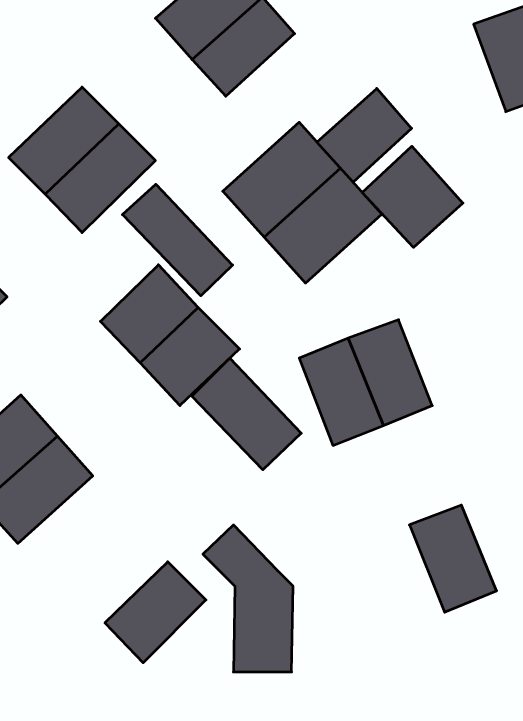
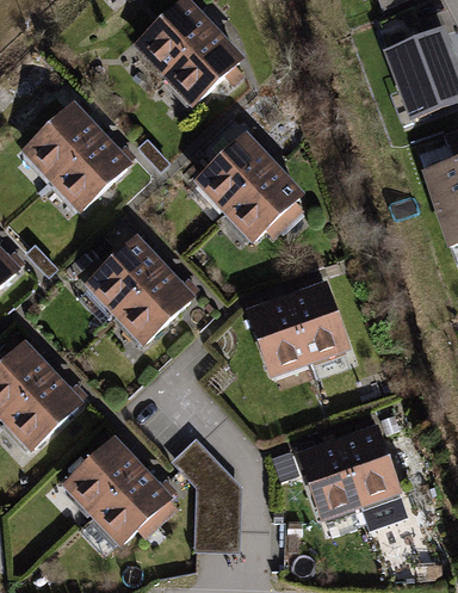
building: [317,88,412,182] -> none
building: [362,146,463,247] -> none
building: [122,184,233,296] -> none
building: [192,358,301,470] -> none
building: none -> [64,438,143,515]
building: none -> [292,439,359,524]

